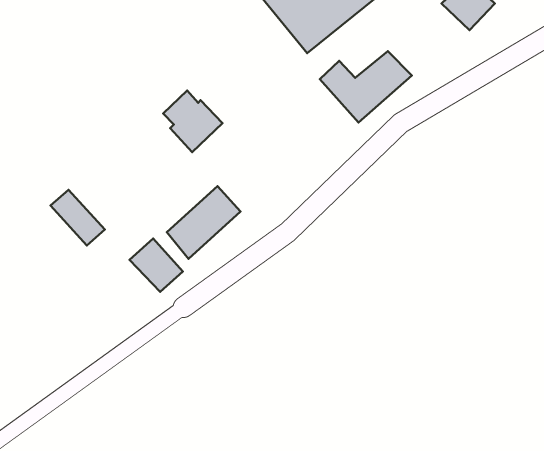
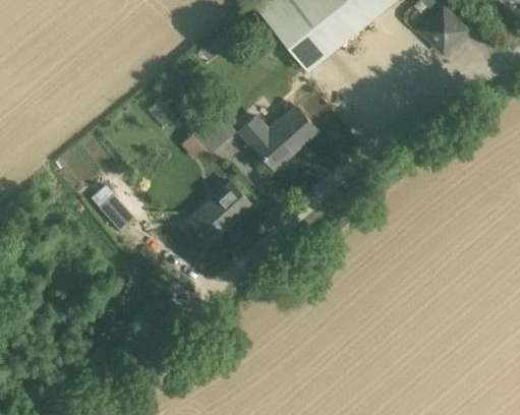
building: [320,51,412,123] -> [239,109,316,169]
building: [129,238,183,292] -> none

